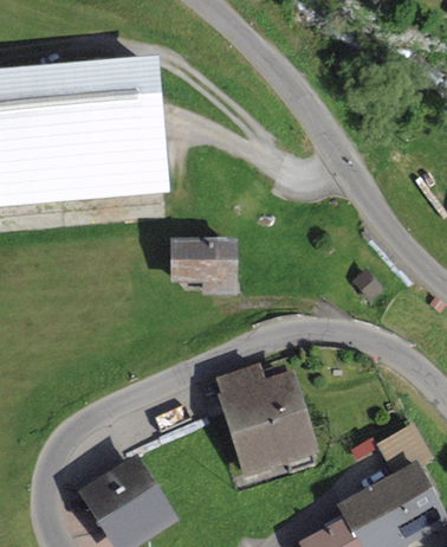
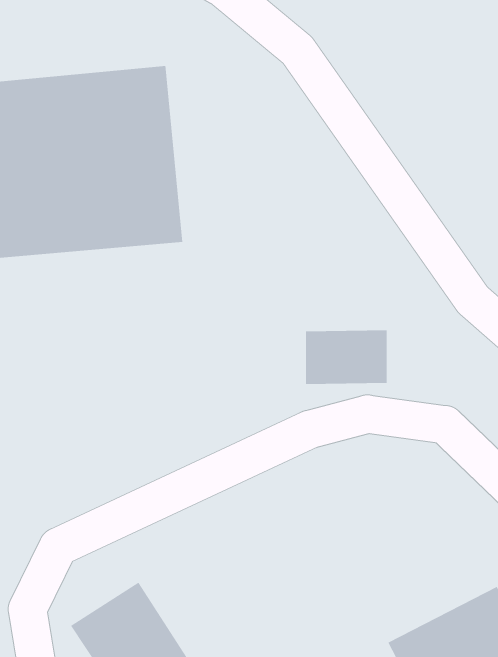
building: [170,238,234,281] -> [305,330,388,385]
building: [207,358,315,480] -> none

